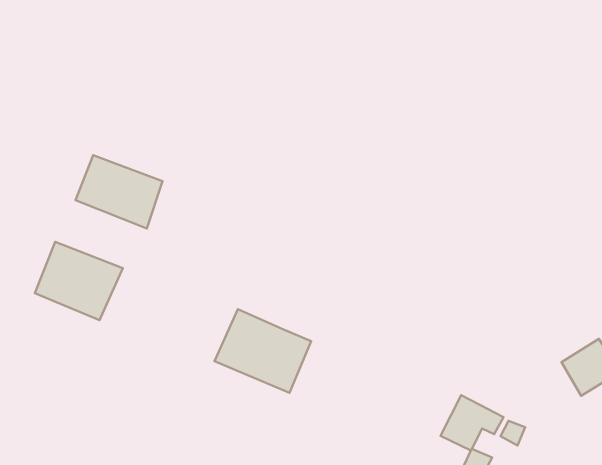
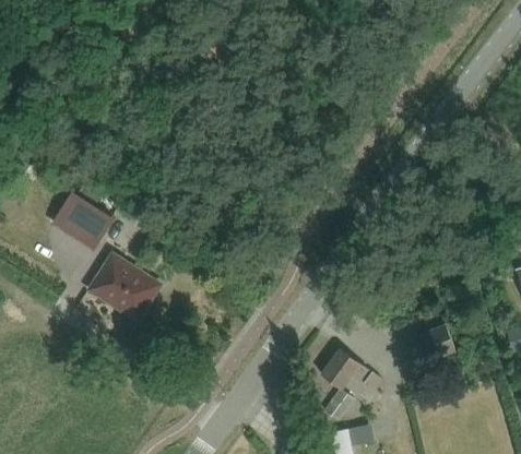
building: [75,155,163,228] -> none
building: [214,309,311,393] -> [88,254,159,320]

